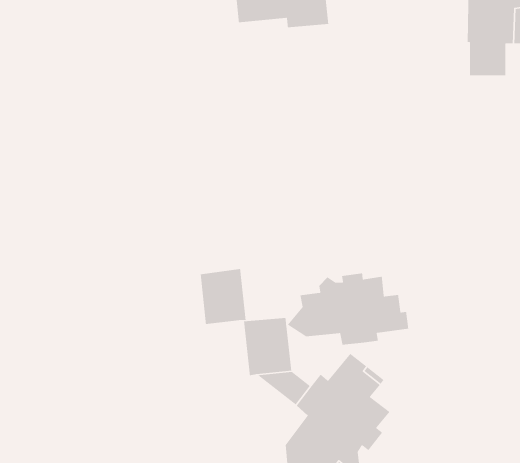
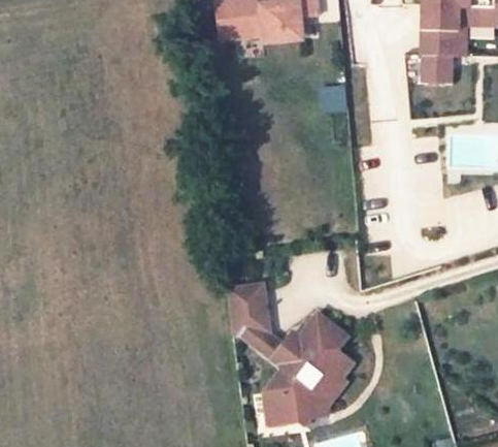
building: [200,268,247,325] -> none
building: [287,273,409,346] -> none

